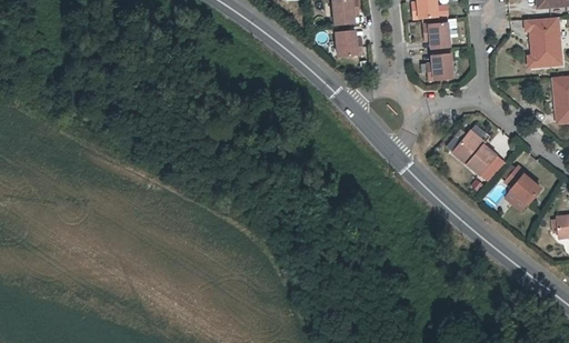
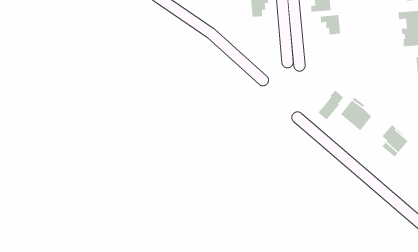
building: [336,30,363,57] -> none
building: [430,51,456,79] -> none
building: none -> [318,90,344,120]

